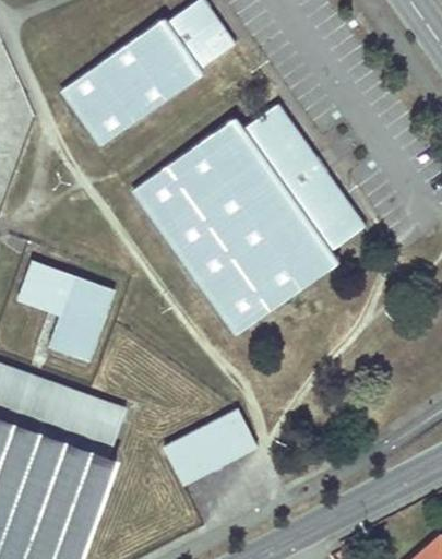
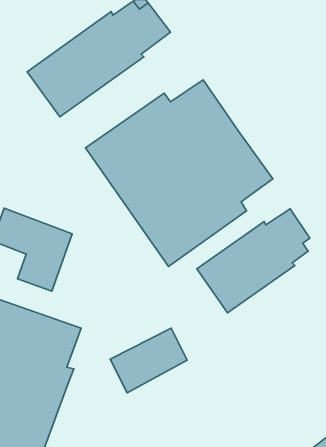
building: none -> [197,209,310,313]

